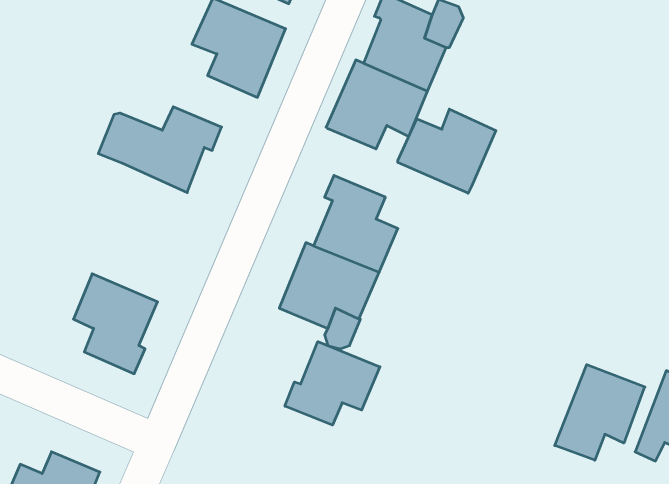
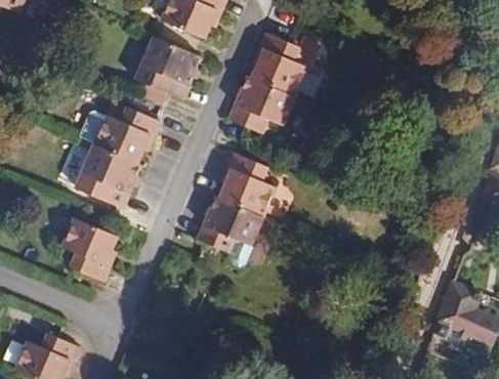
building: [398,109,496,193] -> none
building: none -> [81,144,141,208]
building: [285,342,380,425] -> none
building: [555,365,645,460] -> none

